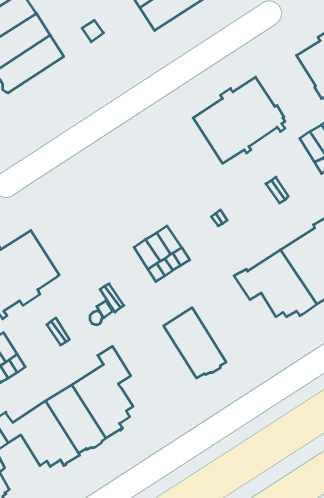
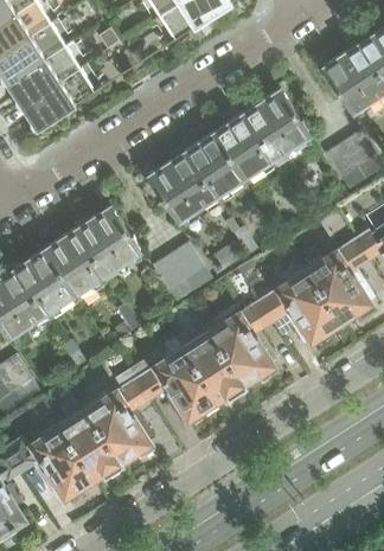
building: none -> [21,69,95,130]
building: none -> [148,133,245,226]
building: none -> [45,206,141,296]
building: none -> [213,297,275,387]
building: none -> [130,350,219,418]

